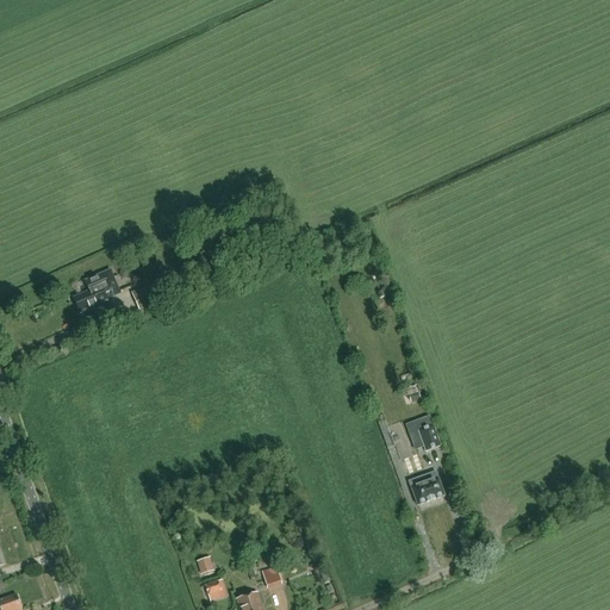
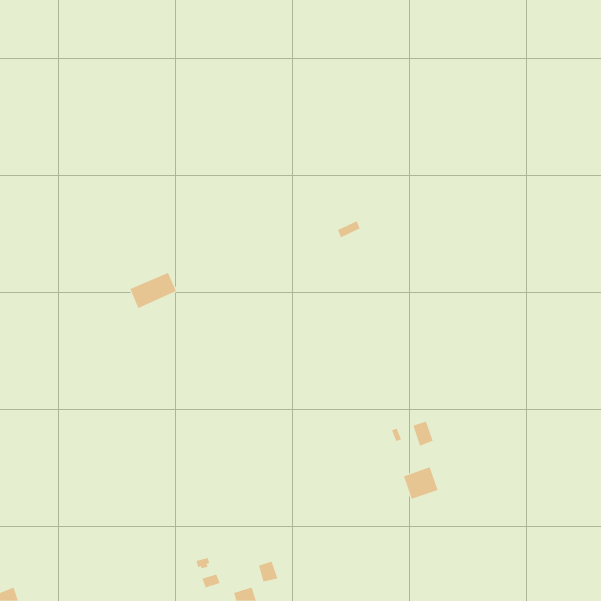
building: [73,269,118,311] -> none

